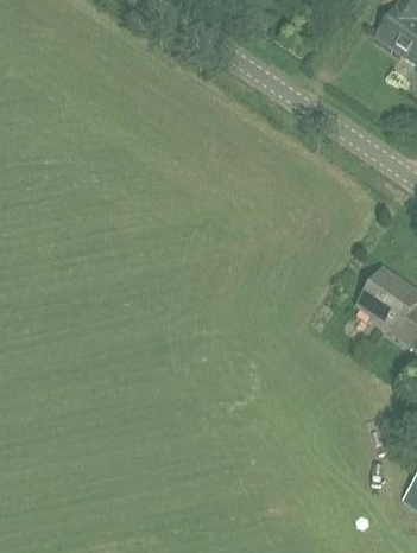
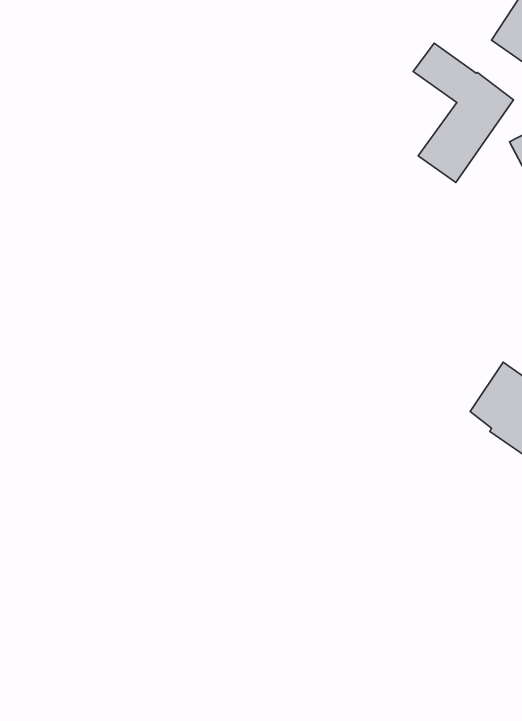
building: none -> [413,43,514,183]

